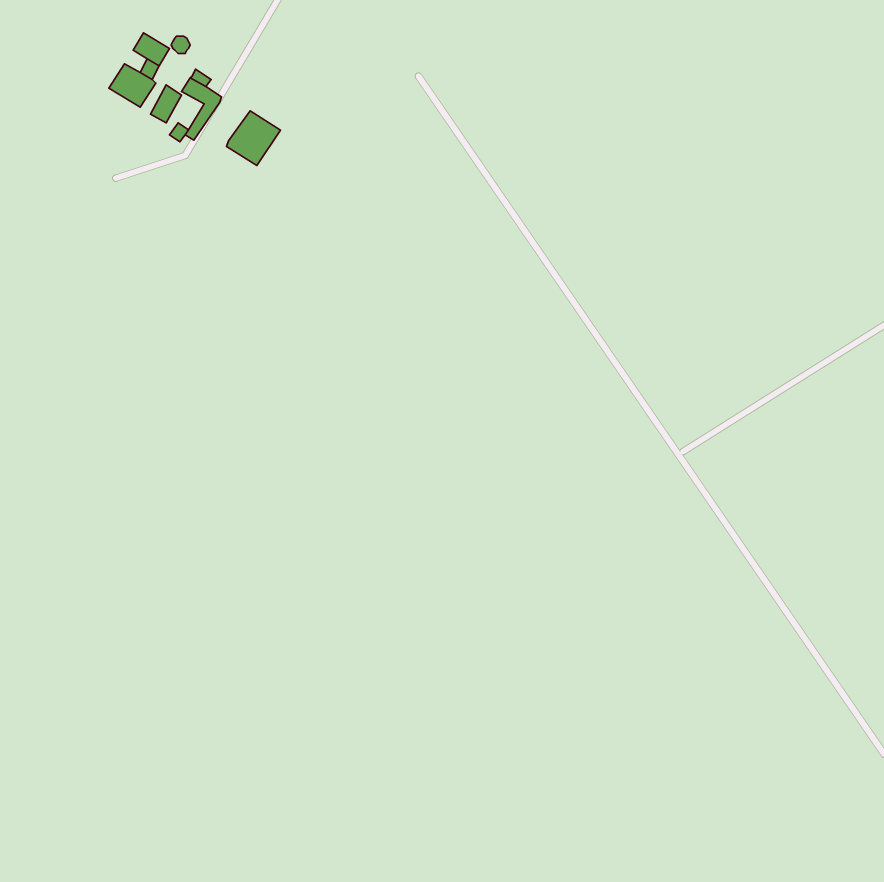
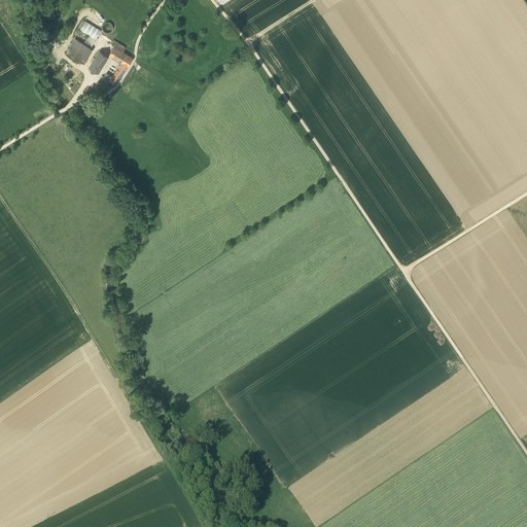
building: [227,111,281,166] -> none

